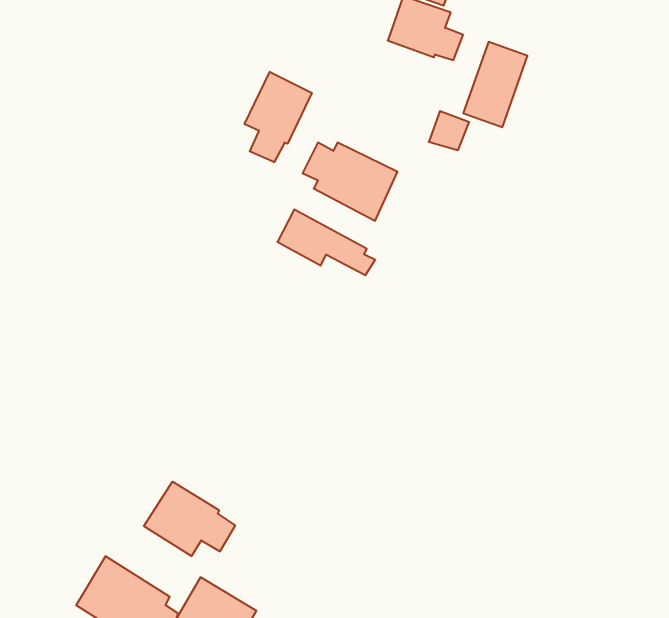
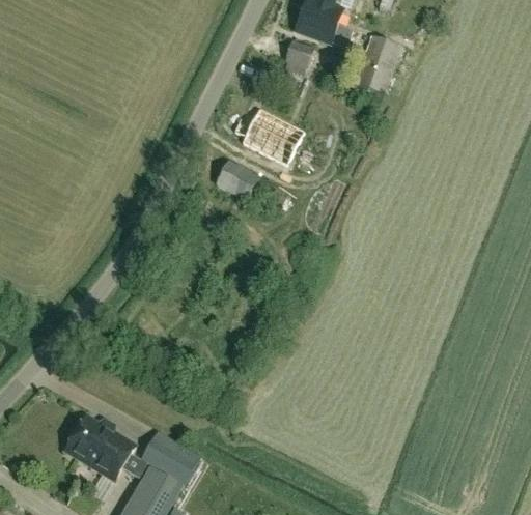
building: [244,72,312,162] -> none
building: [429,111,469,150] -> [284,40,314,69]
building: [144,482,235,556] -> none

